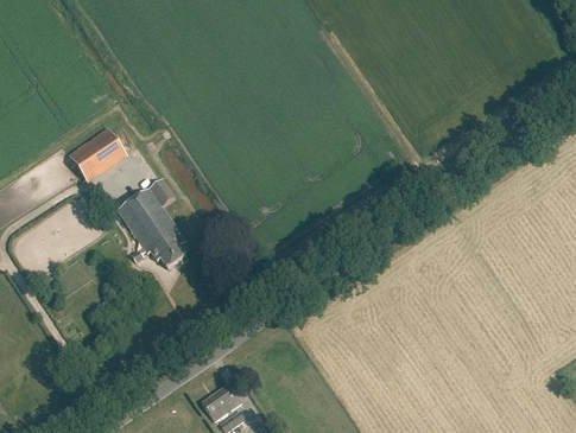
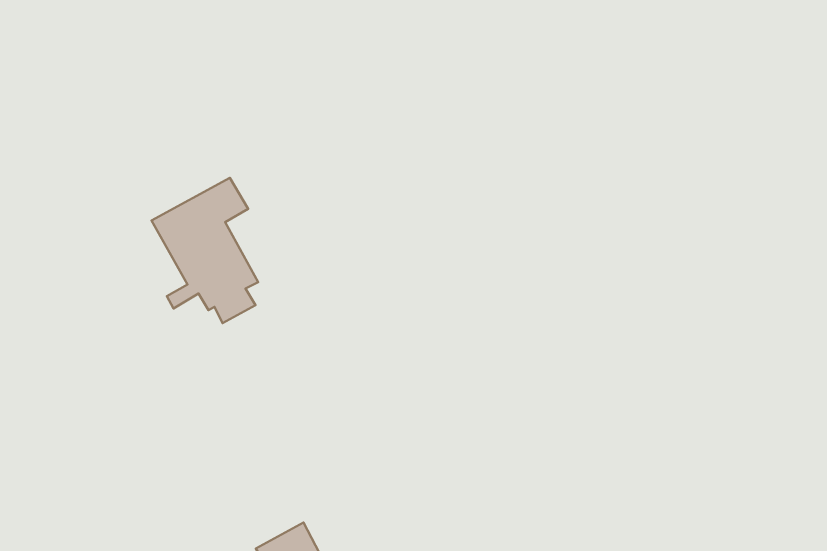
building: [69,128,124,177] -> none

